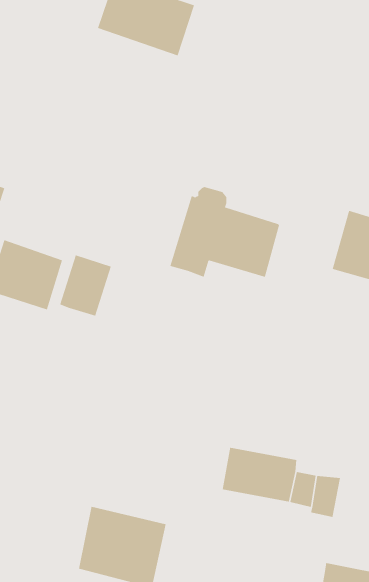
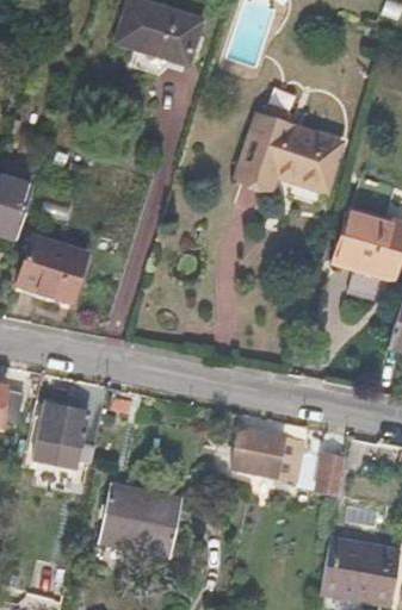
building: [169,187,280,278] -> [236,107,339,192]
building: [59,254,112,317] -> none
building: none -> [36,384,106,468]

